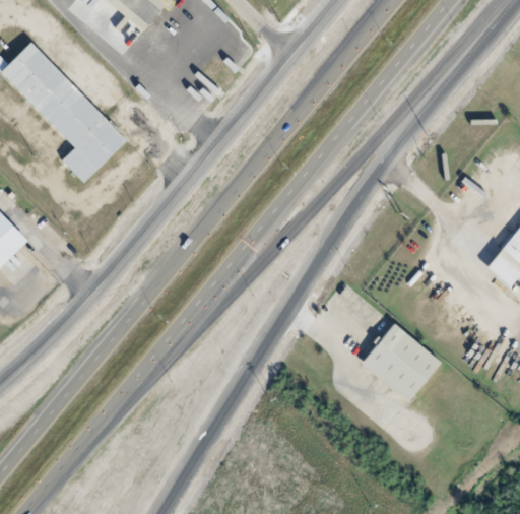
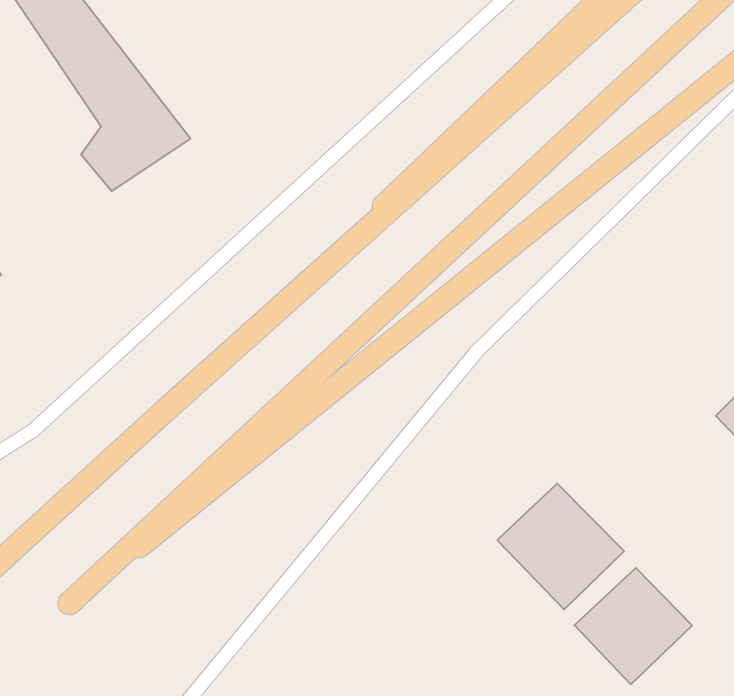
building: none -> [574,568,692,684]

